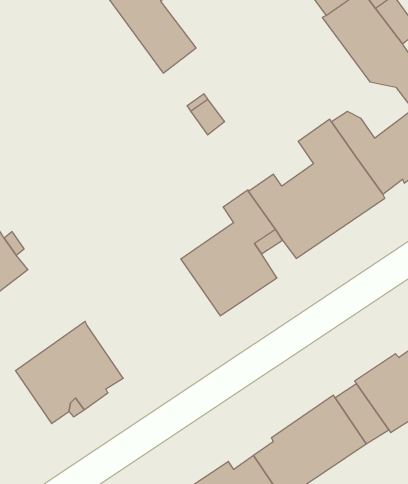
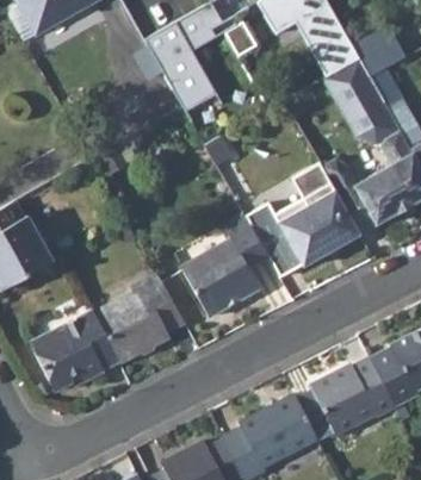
building: none -> [98,273,186,363]

